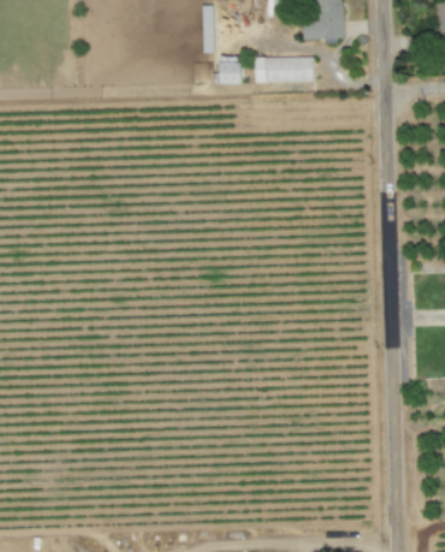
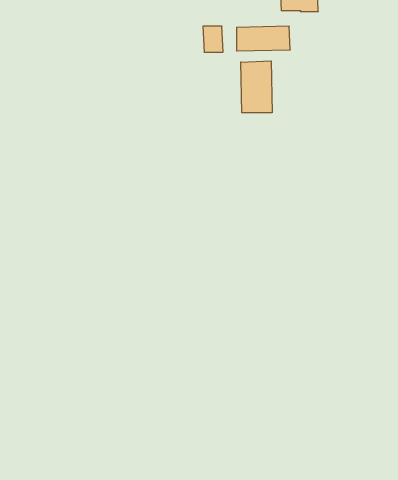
building: none -> [241,61,272,113]

